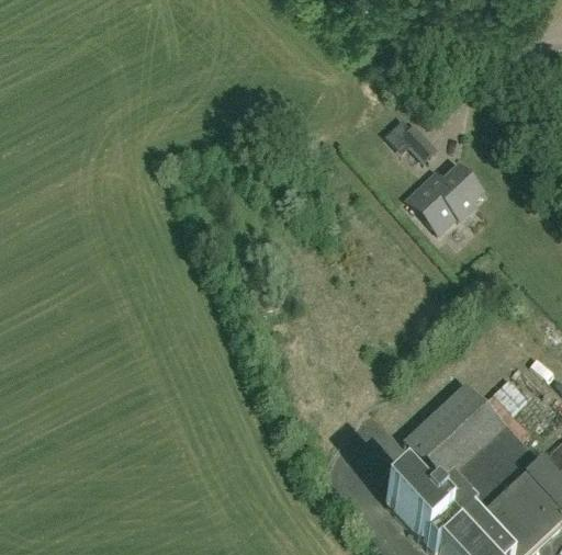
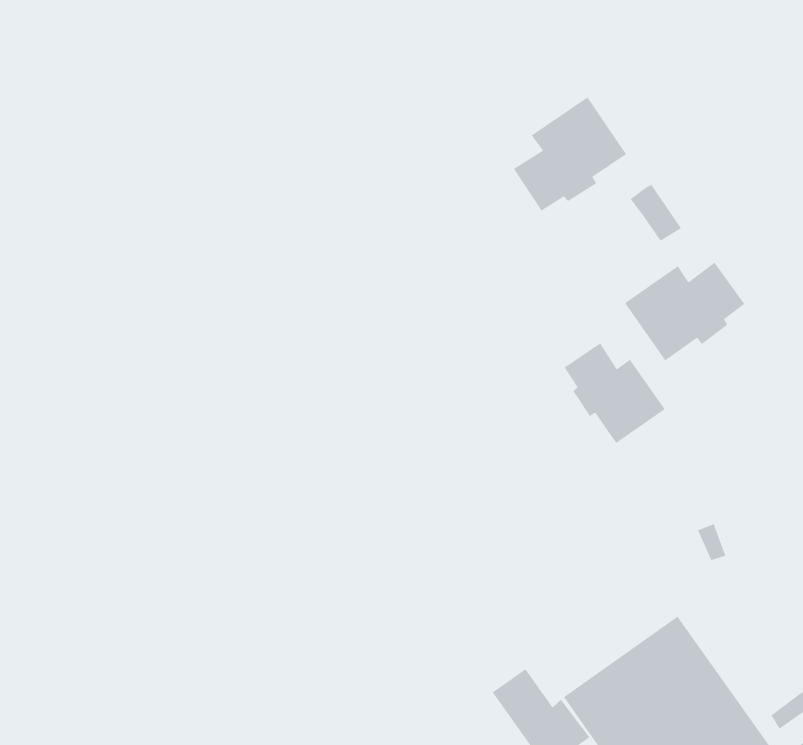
building: none -> [513,96,627,211]
building: none -> [564,343,665,444]

